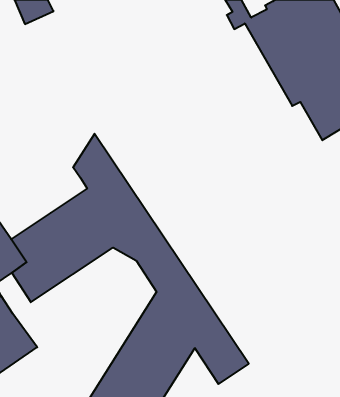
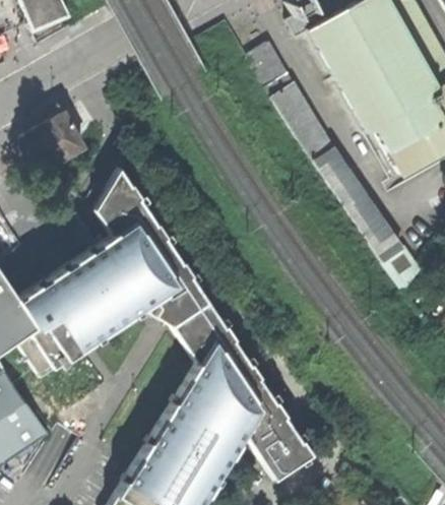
building: none -> [247,43,421,294]
building: none -> [19,114,83,174]

